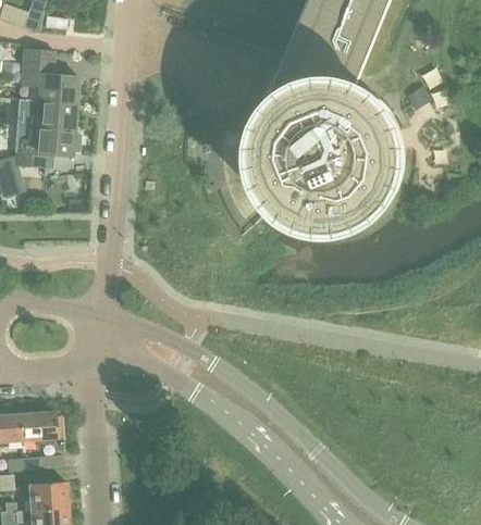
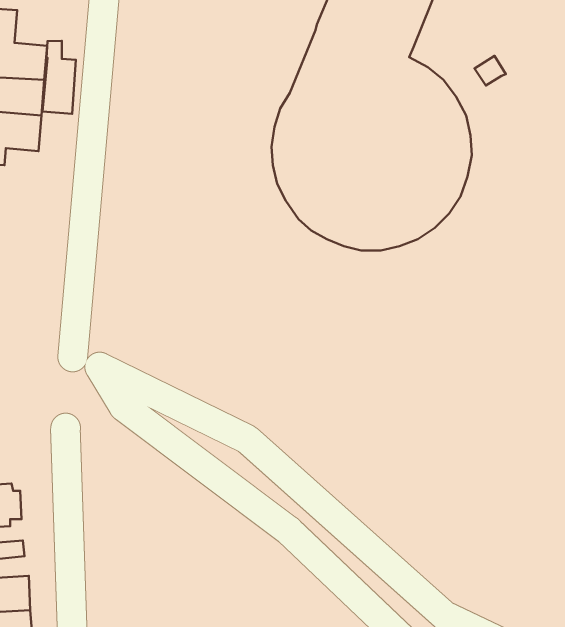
building: none -> [43,41,76,114]

